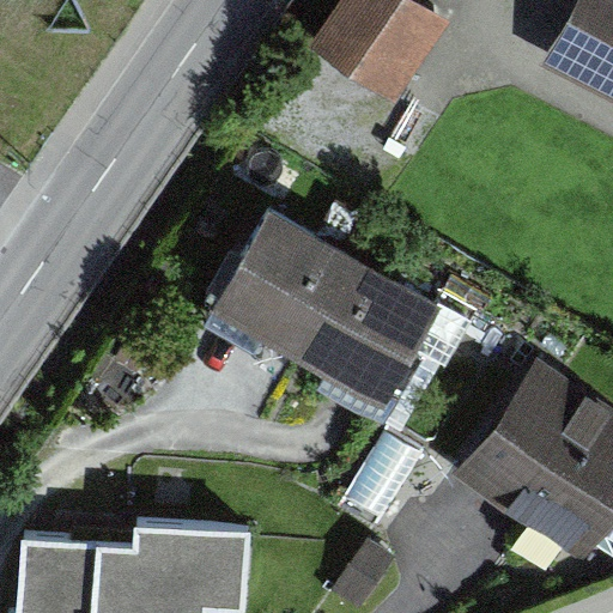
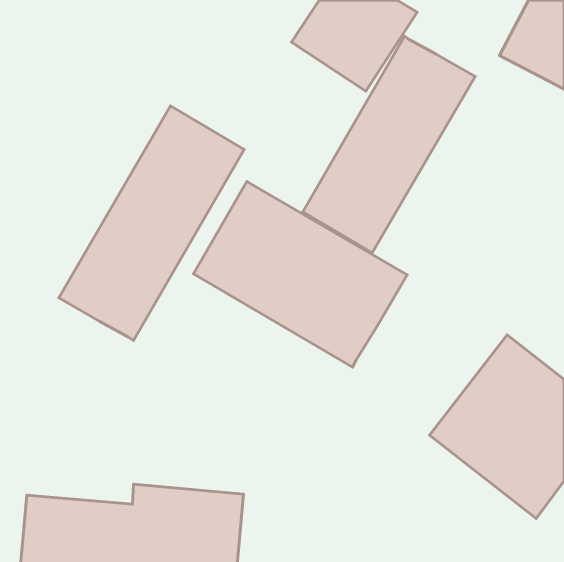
building: none -> [303,36,475,253]
building: none -> [59,106,244,341]

